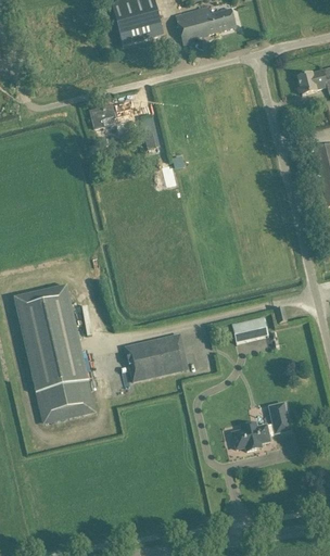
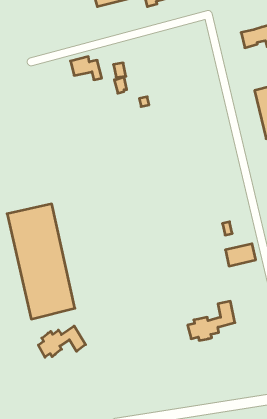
building: [231,316,268,343] -> [225,244,256,266]
building: [125,334,188,381] -> none
building: none -> [38,326,86,357]

